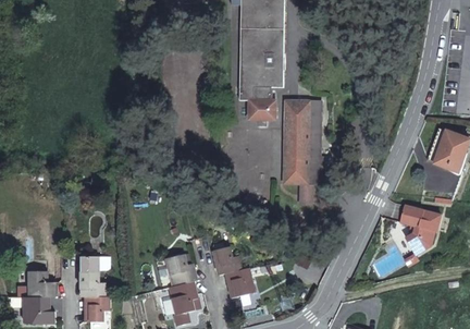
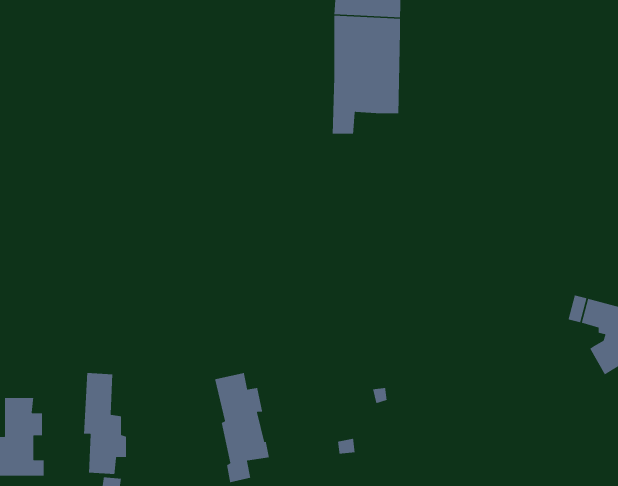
building: [250,85,276,119] -> none
building: [284,100,324,204] -> none
building: [213,246,251,296] -> none

